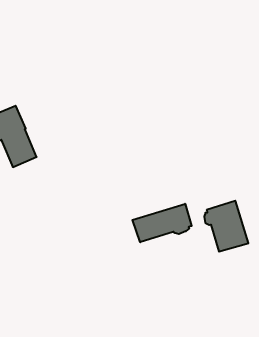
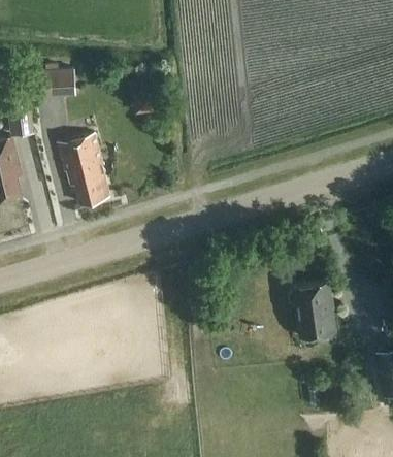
building: [132,204,192,242] -> none

